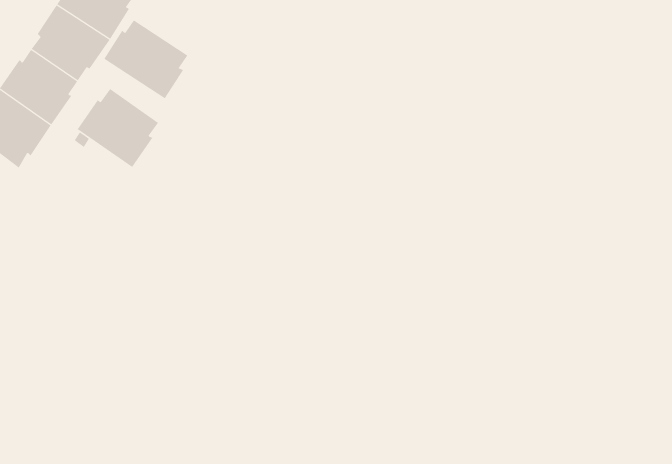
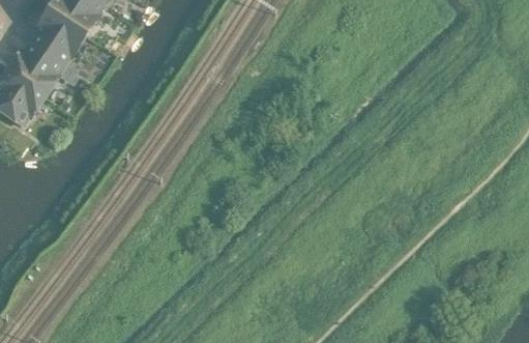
building: [103,19,188,99] -> none
building: [77,88,159,168] -> none

